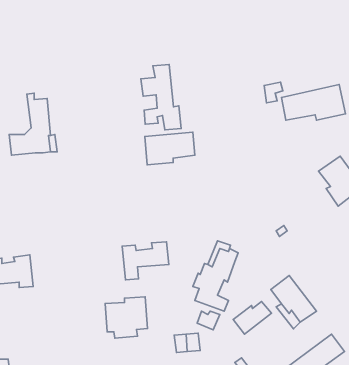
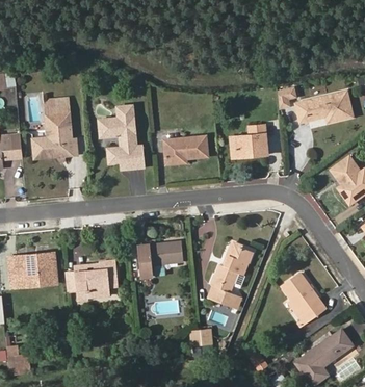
building: [141,65,181,130] -> [104,105,142,167]
building: none -> [229,124,268,159]
building: [105,297,147,338] -> [77,258,118,298]
building: [233,302,271,334] -> none

